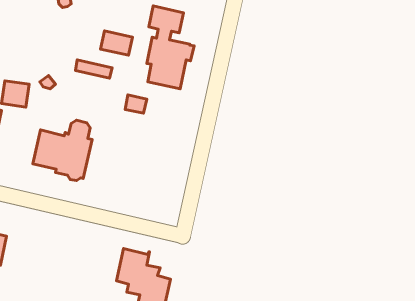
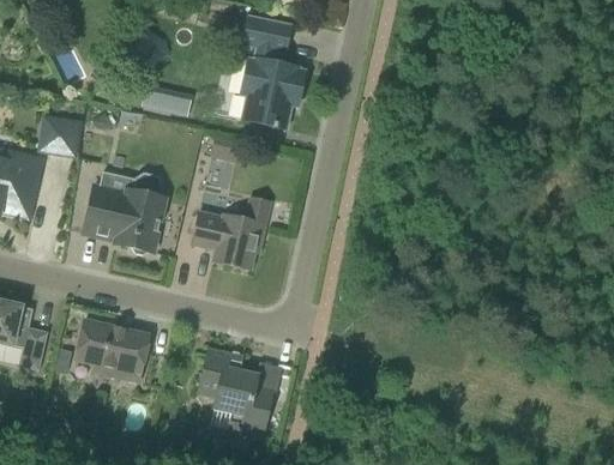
building: [100,31,133,55] -> none
building: none -> [192,195,271,268]
building: none -> [74,320,149,380]

